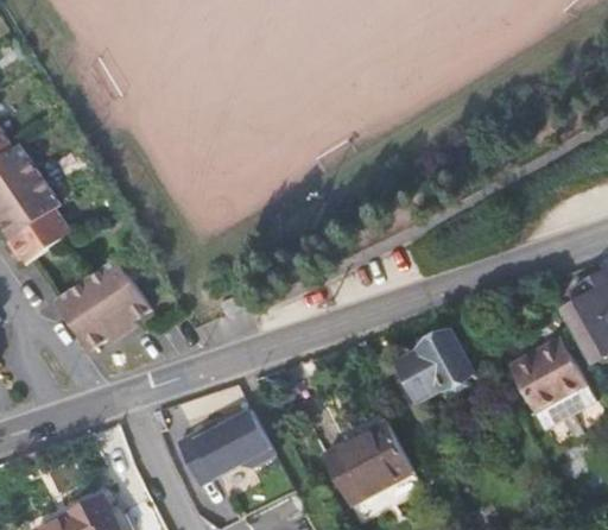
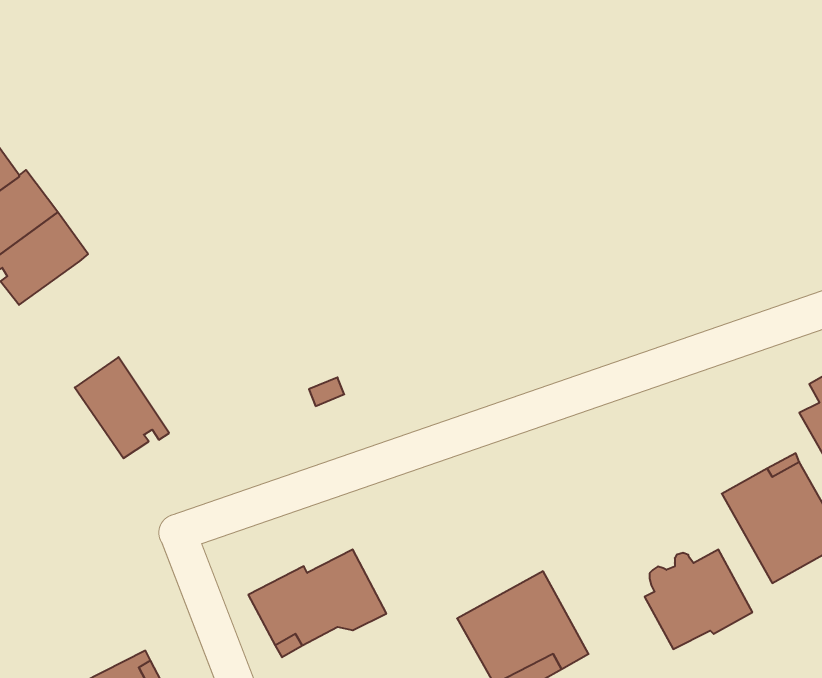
building: [14,208,75,261] -> none
building: [84,254,150,329] -> none
building: [395,330,471,400] -> [645,550,752,649]

